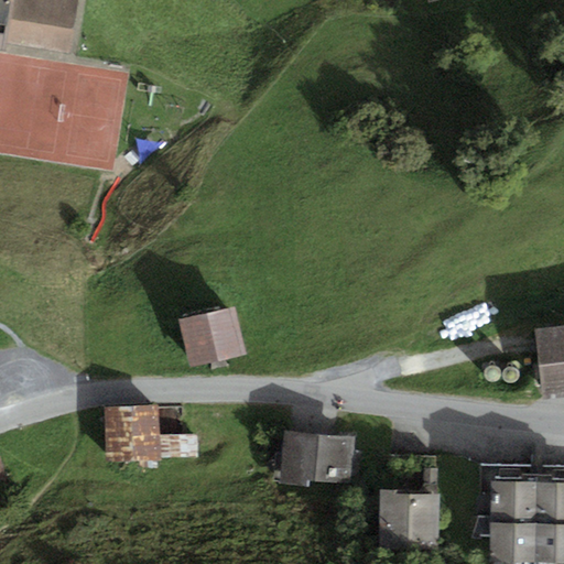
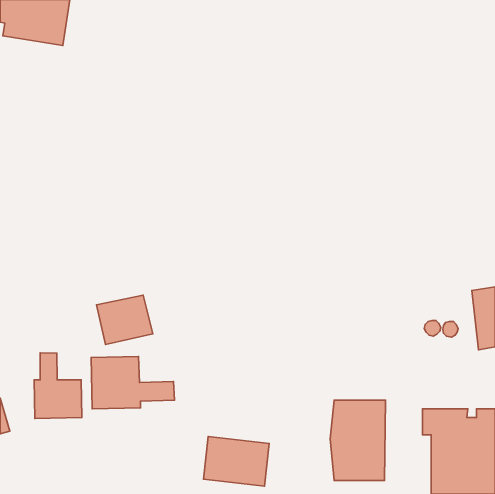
building: [181,307,245,364] -> [97,295,153,344]
building: none -> [34,353,82,418]
building: [282,430,357,486] -> [203,437,269,486]

